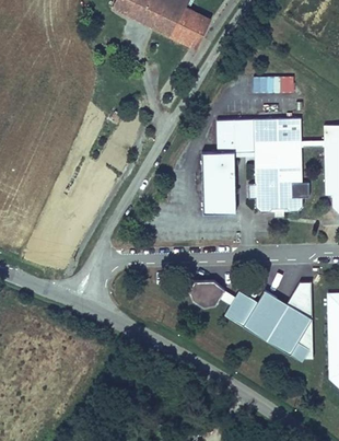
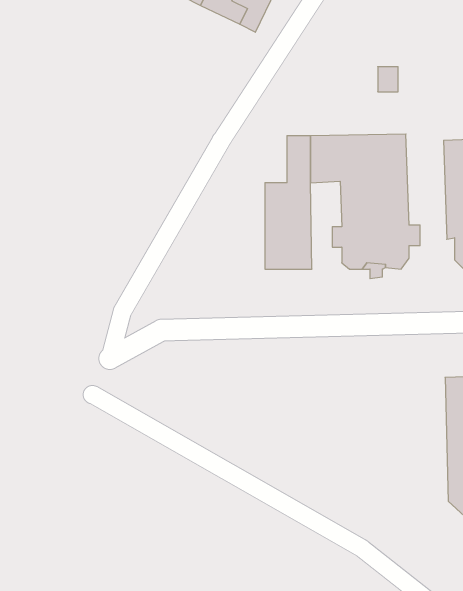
building: [189,279,224,307] -> none
building: [223,281,313,361] -> none

